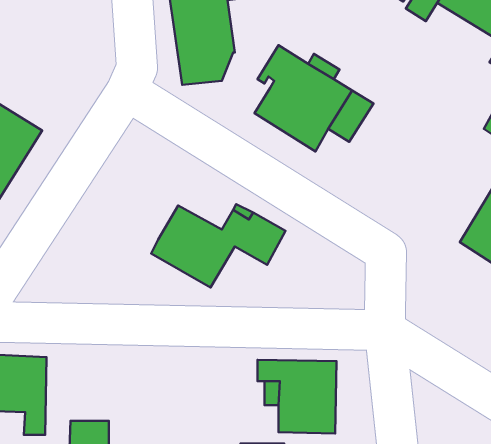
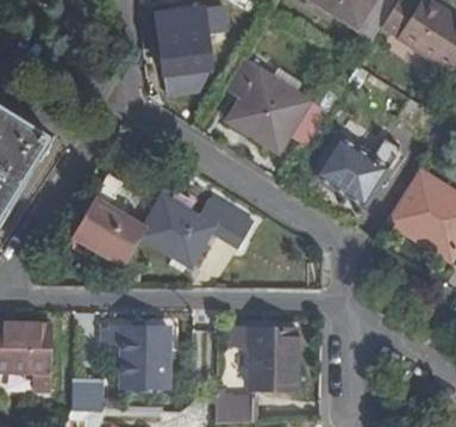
building: none -> [312,135,400,208]
building: none -> [71,174,146,268]
building: none -> [104,327,169,388]

